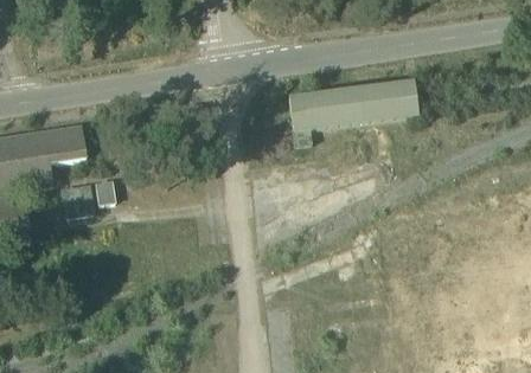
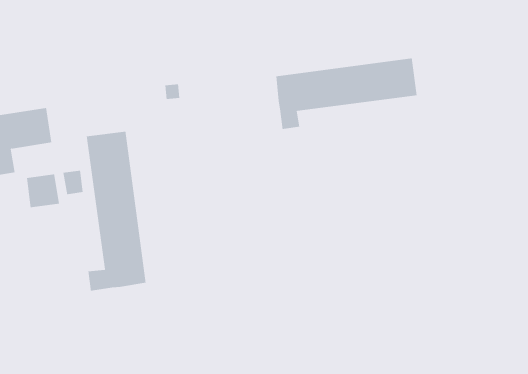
building: none -> [86,131,146,291]

